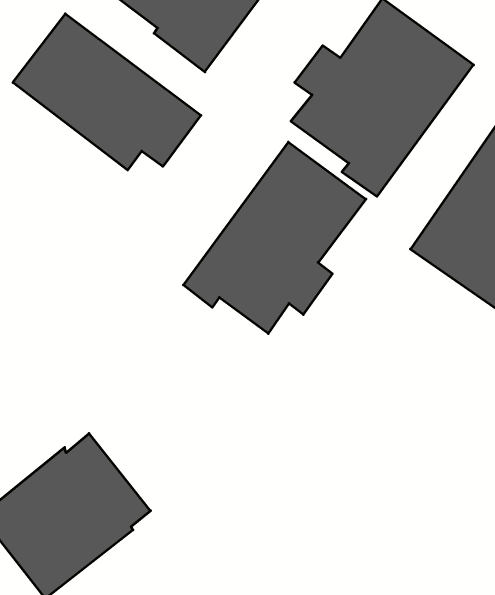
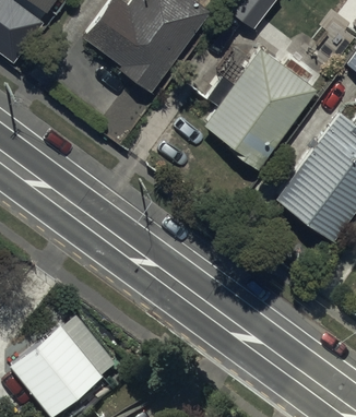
building: [13,14,201,170] -> none
building: [183,142,366,334] -> none

